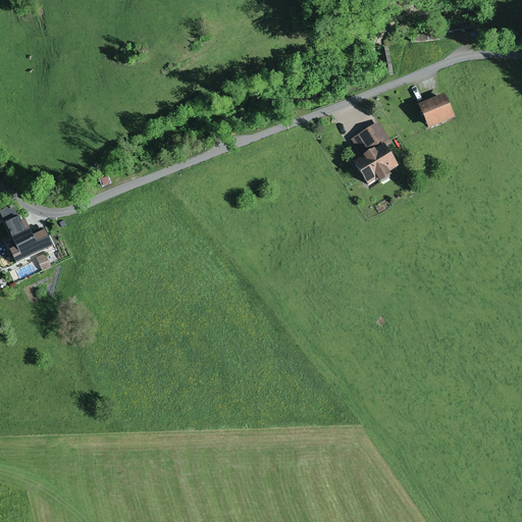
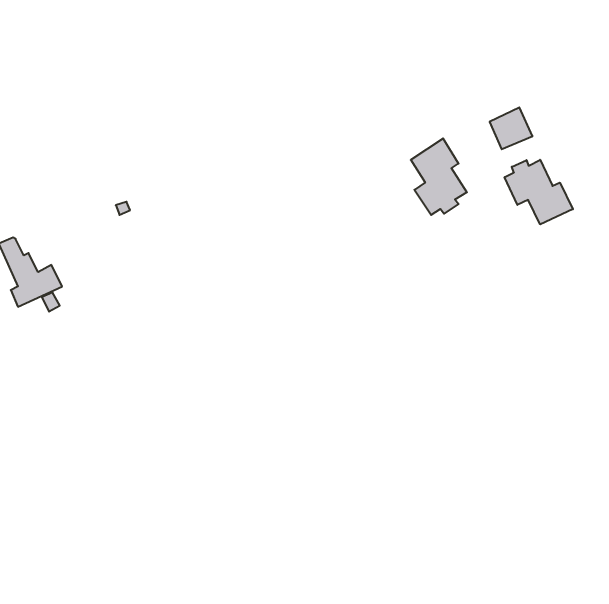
building: none -> [505,160,573,224]

